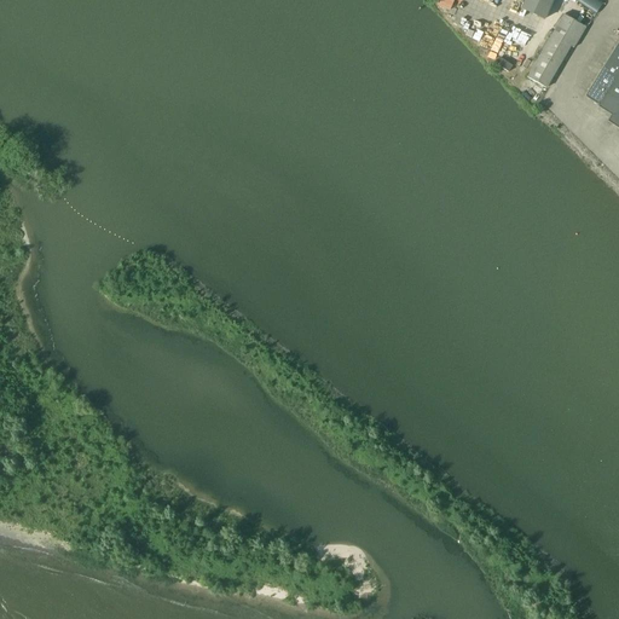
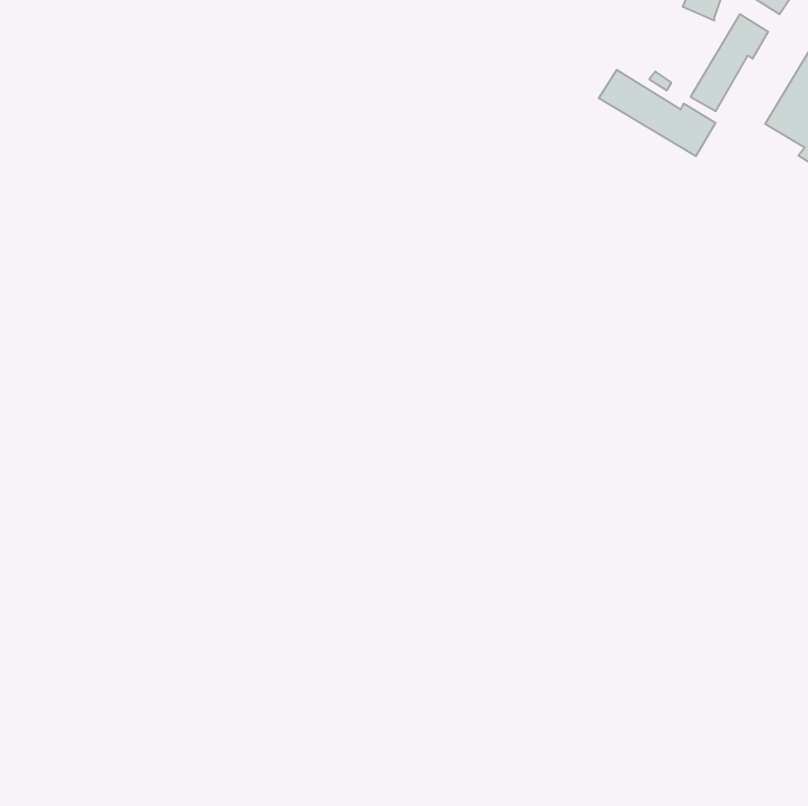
building: none -> [599,70,715,156]

